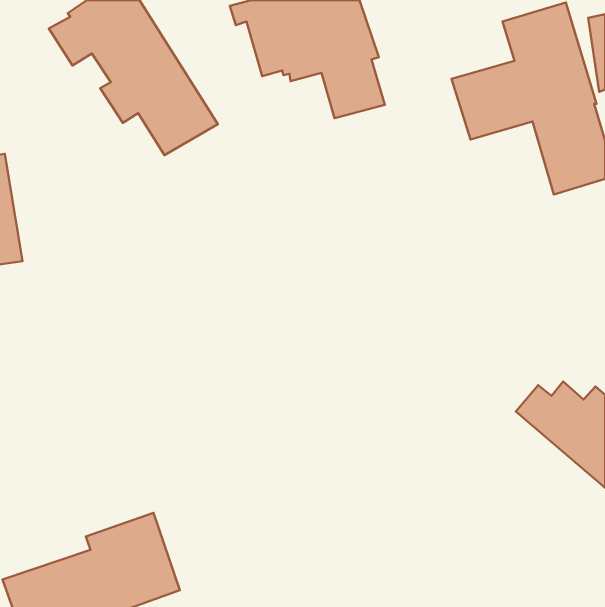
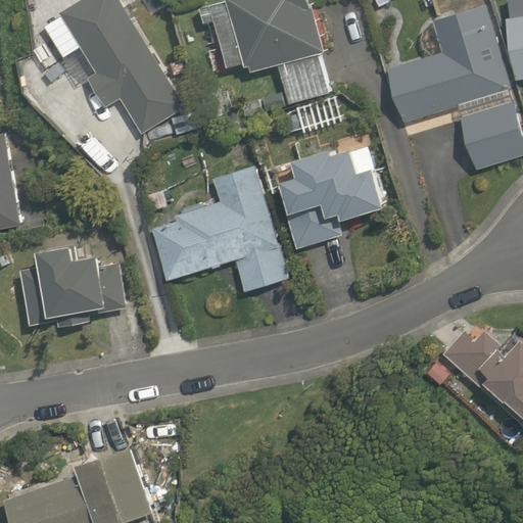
building: none -> [276,147,384,249]
building: none -> [151,165,290,291]
building: none -> [19,243,126,327]

